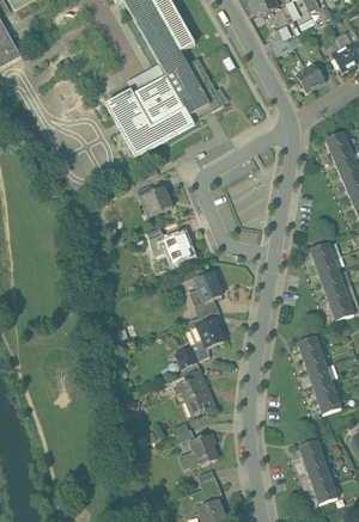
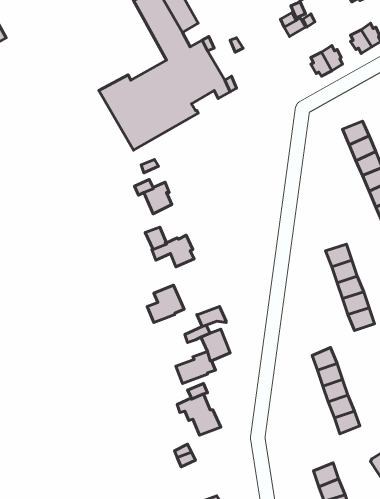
building: [188,271,221,305] -> [147,285,184,322]
building: [181,432,217,466] -> none

